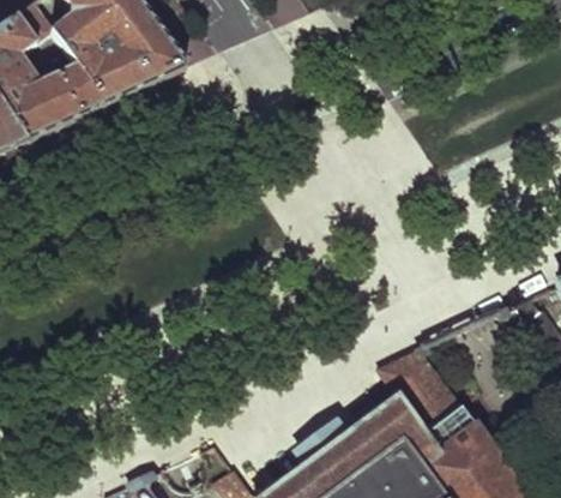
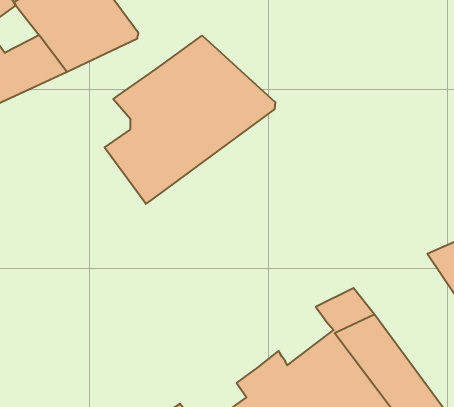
building: none -> [105,36,275,204]

